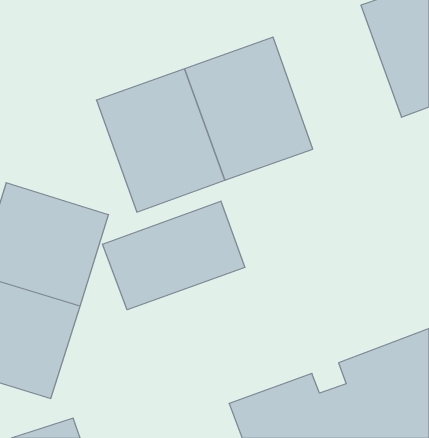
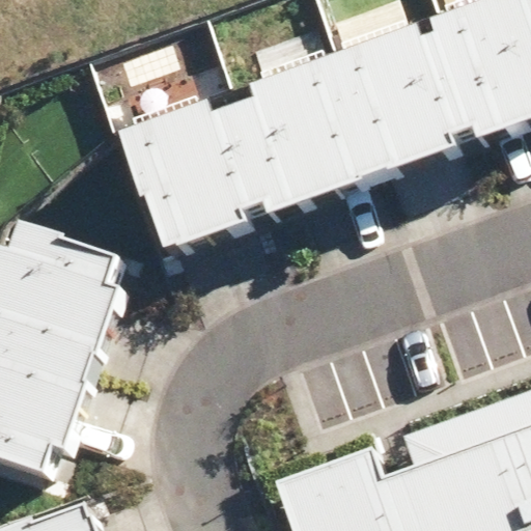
building: none -> [329,6,483,179]
building: [103,201,245,310] -> none

